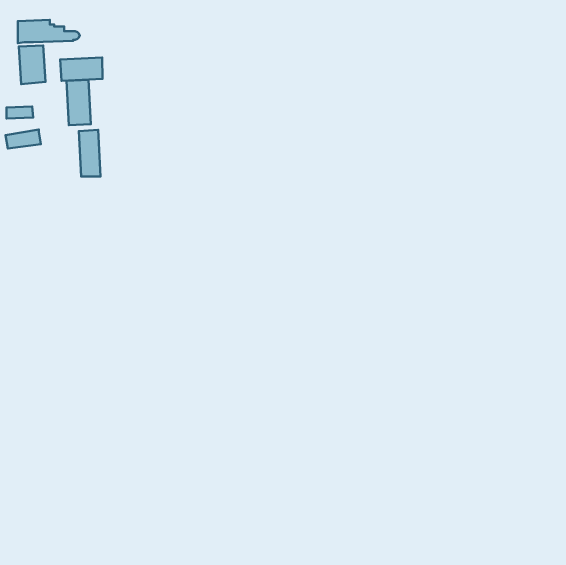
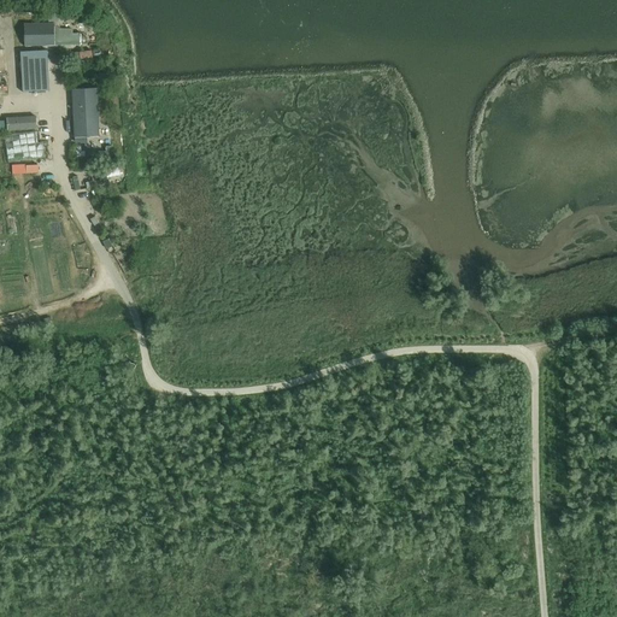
building: [60,58,102,81] -> none
building: [79,130,100,176] -> none

